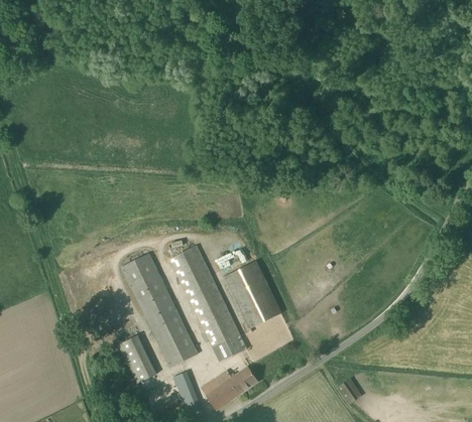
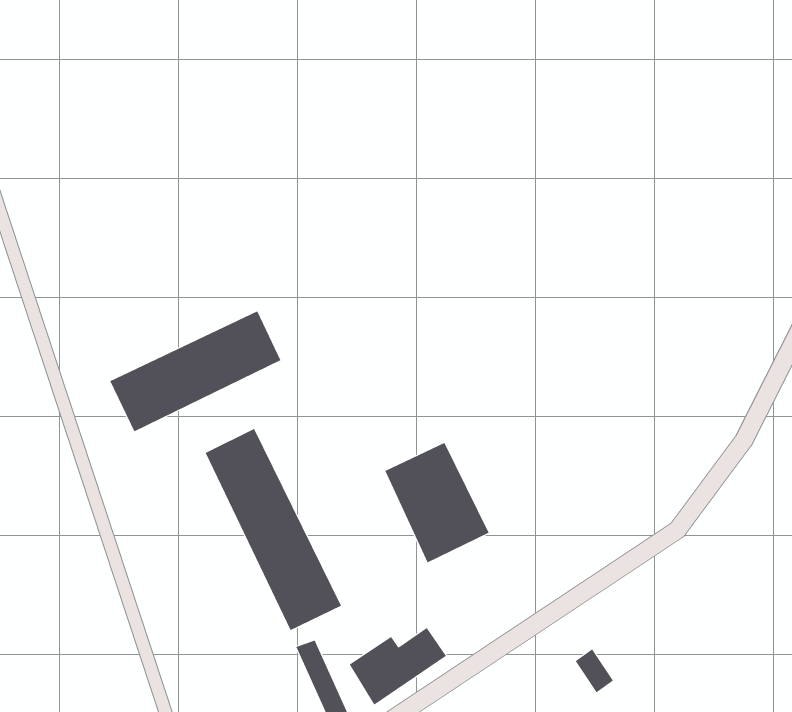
building: none -> [109,311,281,432]
building: [168,245,247,362] -> none
building: [118,334,157,383] -> none

